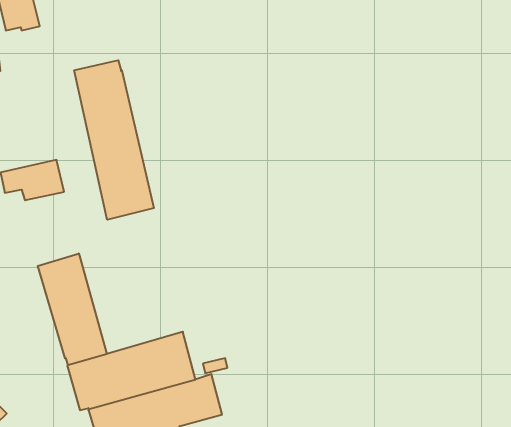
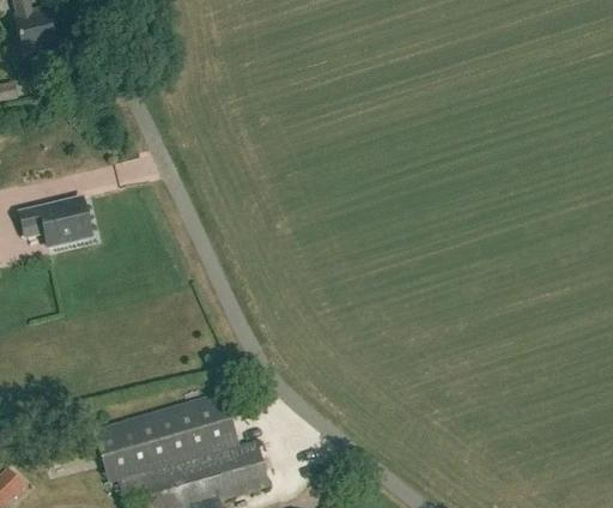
building: [74,60,154,220] -> none
building: [38,253,107,365] -> none

